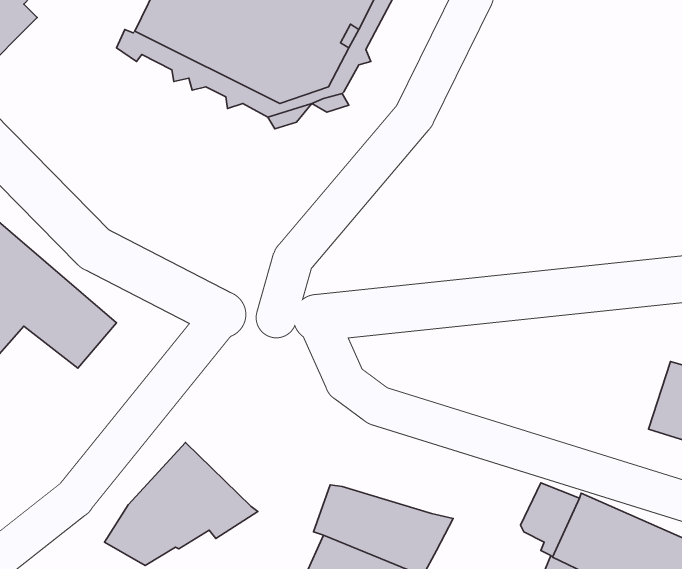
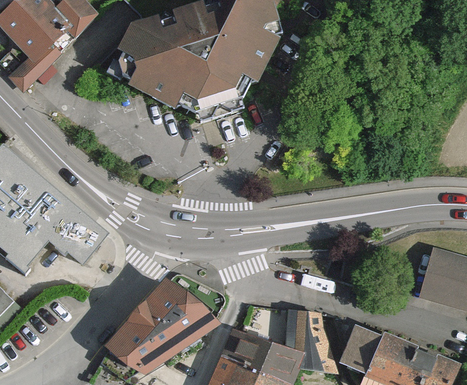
building: none -> [145,282,210,344]
building: none -> [289,308,332,370]

